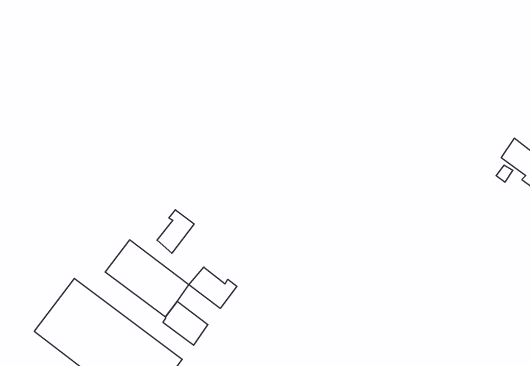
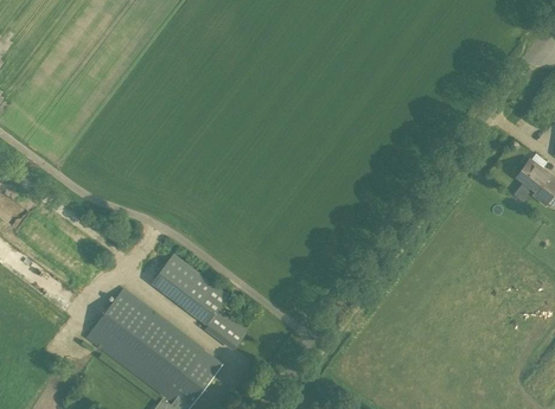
building: [157,210,194,253] -> none
building: [189,267,237,308] -> none

